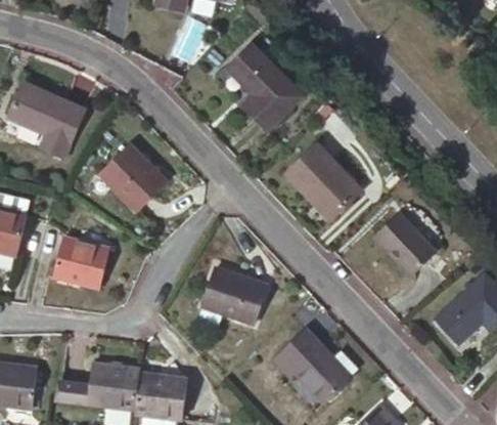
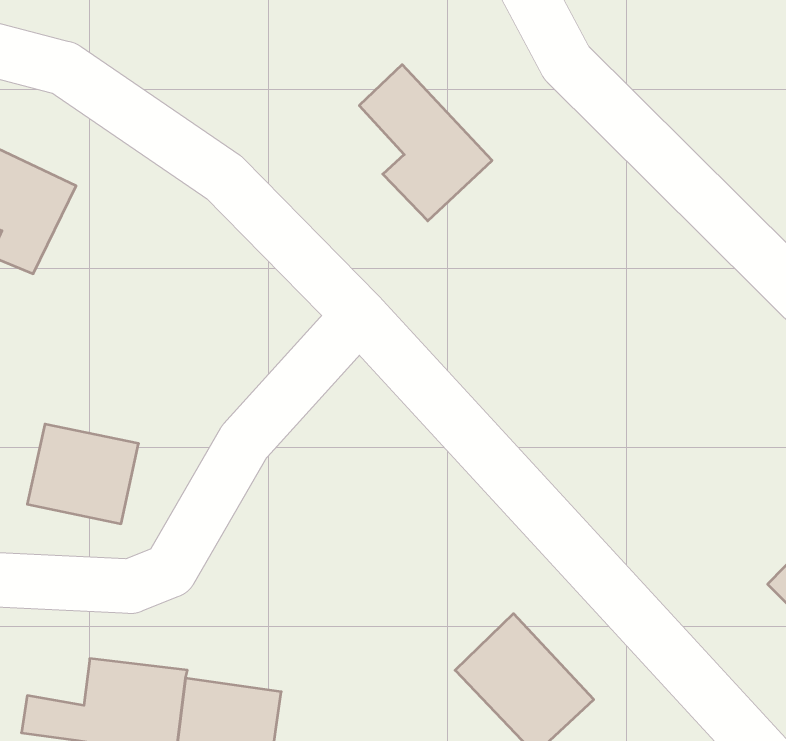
building: [101,146,165,209] -> none
building: [288,151,360,223] -> none
building: [379,215,437,273] -> none
building: [204,271,264,325] -> none

